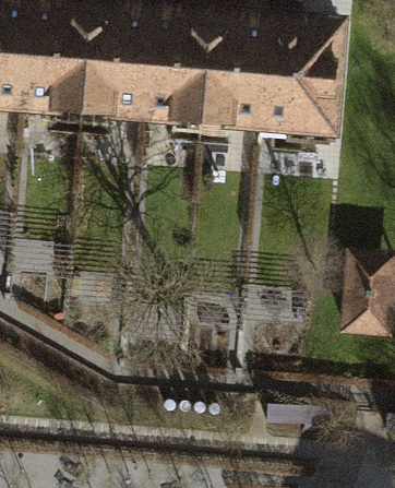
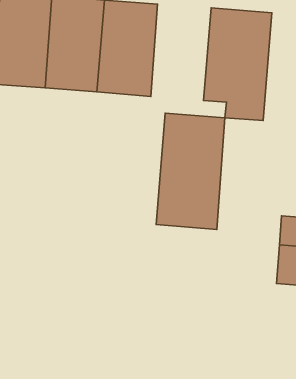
building: [203,14,272,123] -> none
building: none -> [156,113,225,230]

